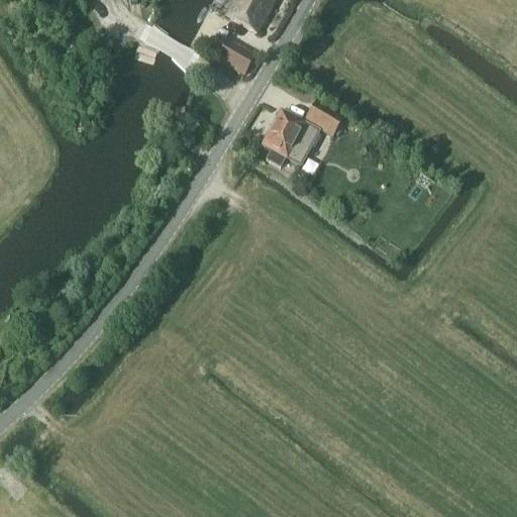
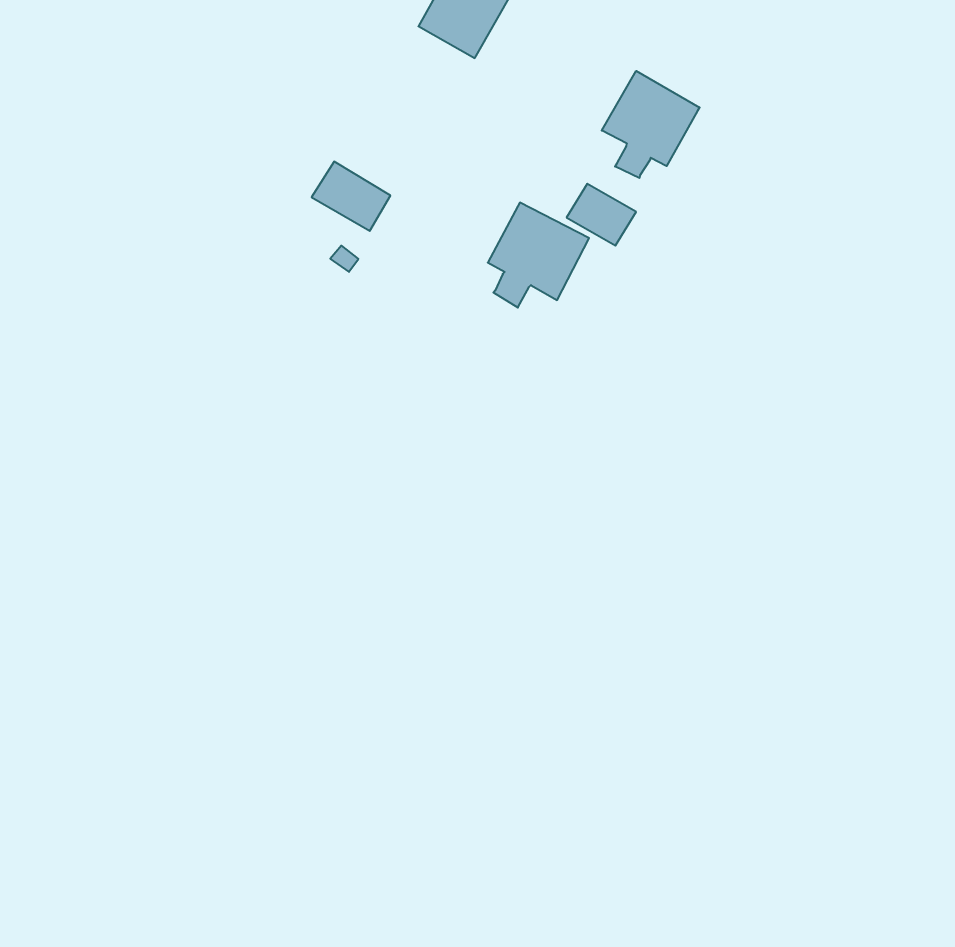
building: [212,35,254,73] -> [312,162,390,231]
building: none -> [602,71,700,178]

